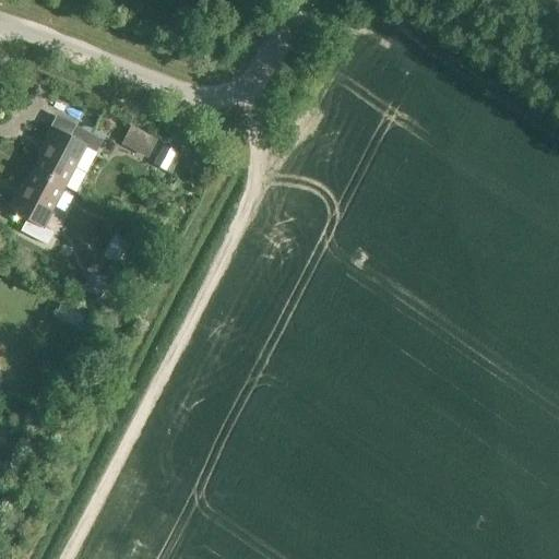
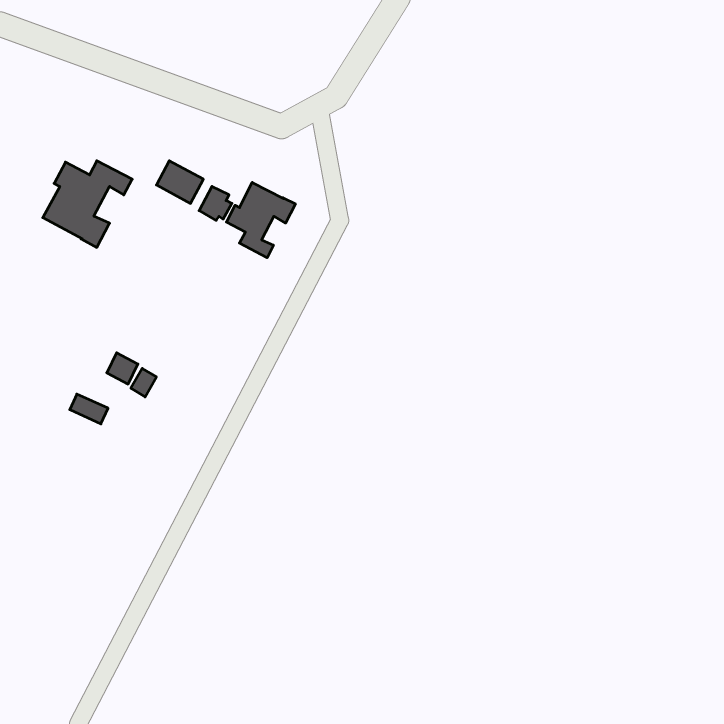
building: none -> [226,182,295,258]
building: [10,167,66,242] -> none

